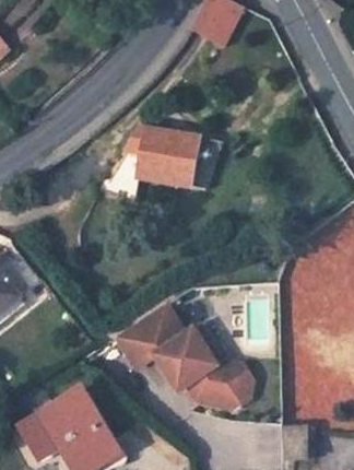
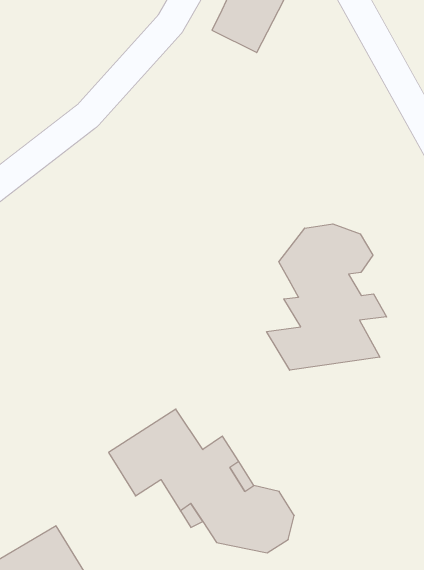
building: [101,127,199,200] -> none
building: none -> [267,224,387,370]

